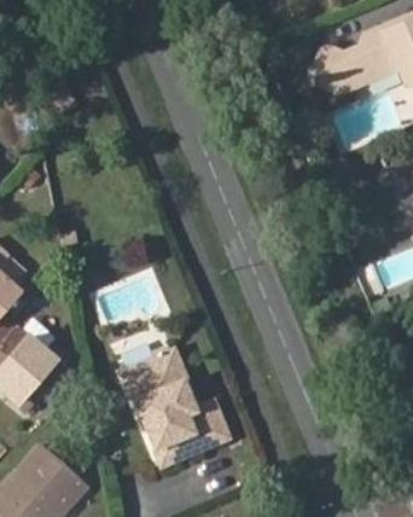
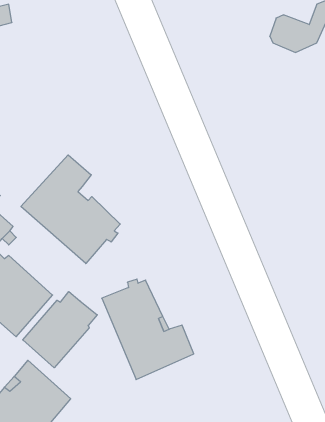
building: none -> [21,155,120,264]
building: none -> [23,292,97,368]

